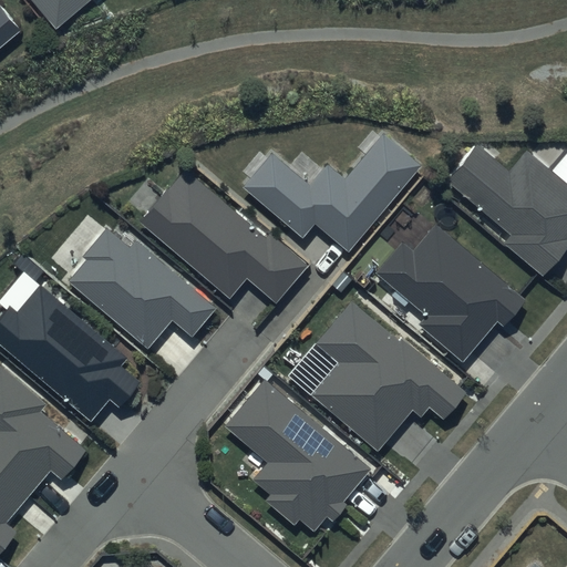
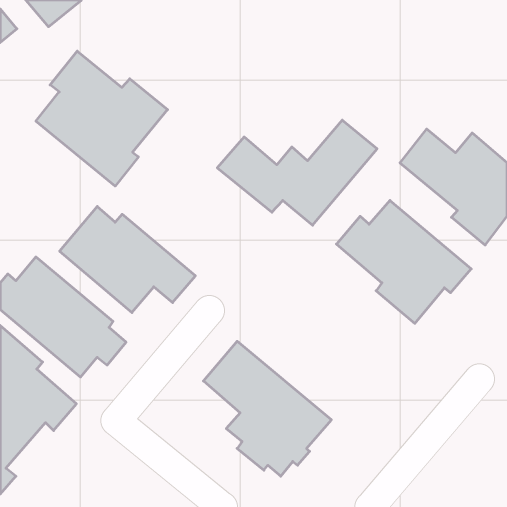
building: none -> [36,51,168,186]
building: [141,171,308,302] -> none
building: [311,298,466,451] -> none

